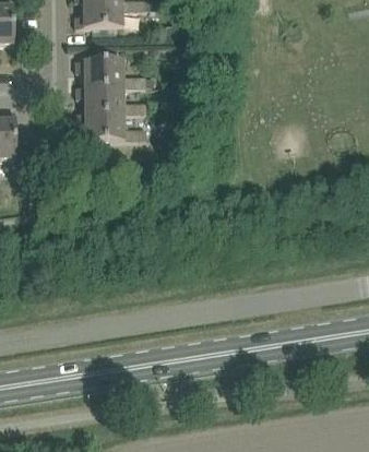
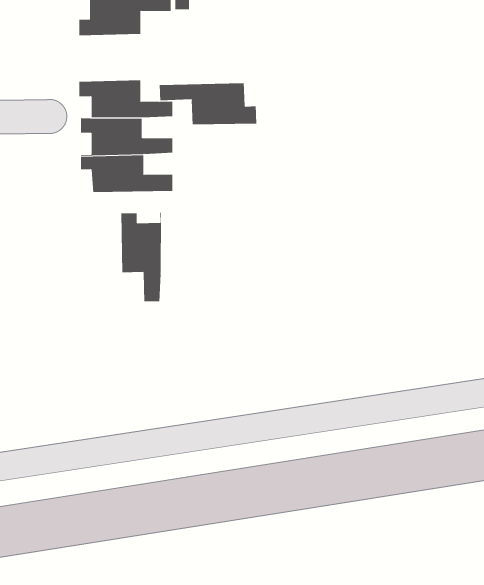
building: none -> [159,82,257,125]
building: none -> [121,212,162,302]

